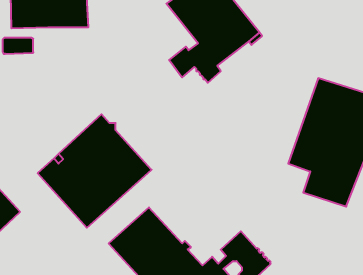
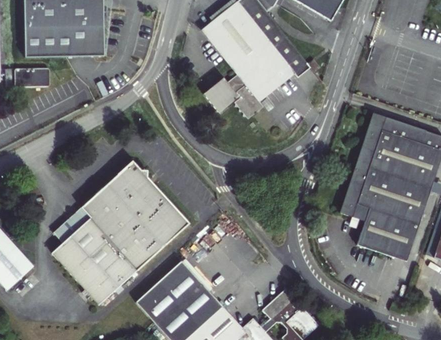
building: none -> [47,223,110,299]

